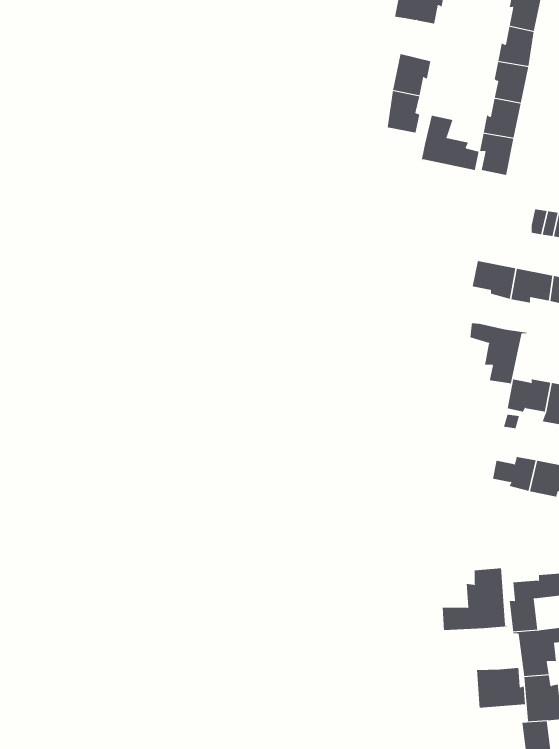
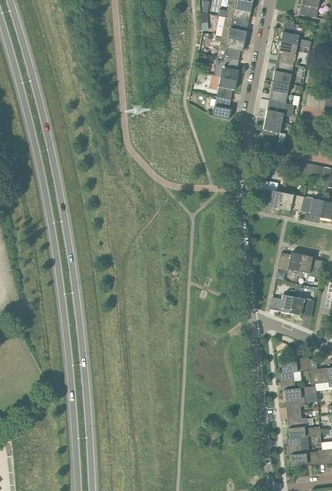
building: none -> [213,57,239,80]
building: [420,115,479,171] -> none
building: [470,323,527,384] -> none
building: [442,568,512,631] -> none
building: [476,667,526,709] -> none

